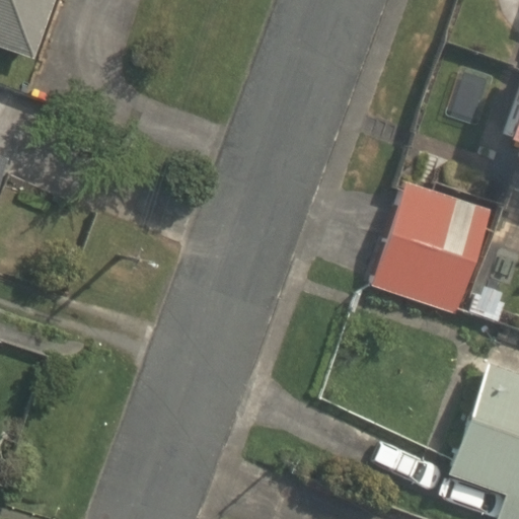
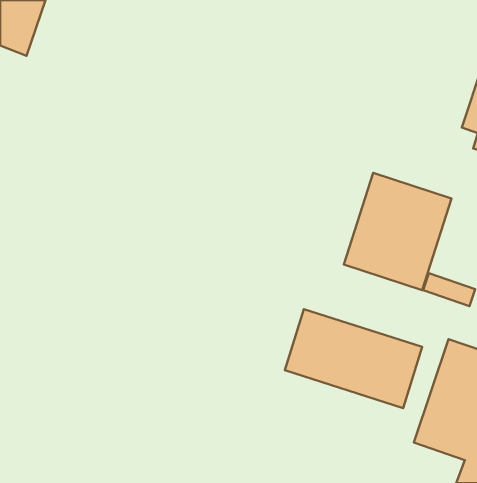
building: none -> [285,309,422,408]

